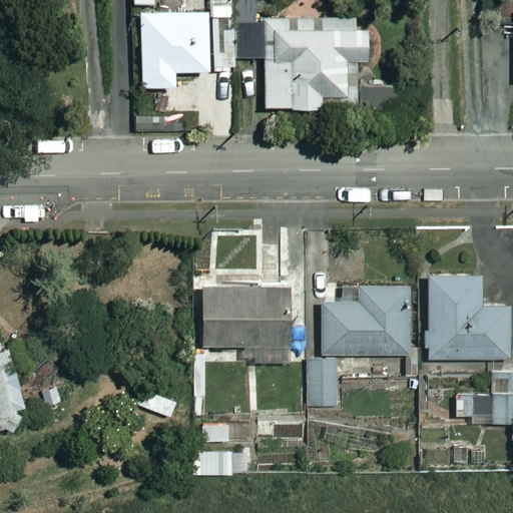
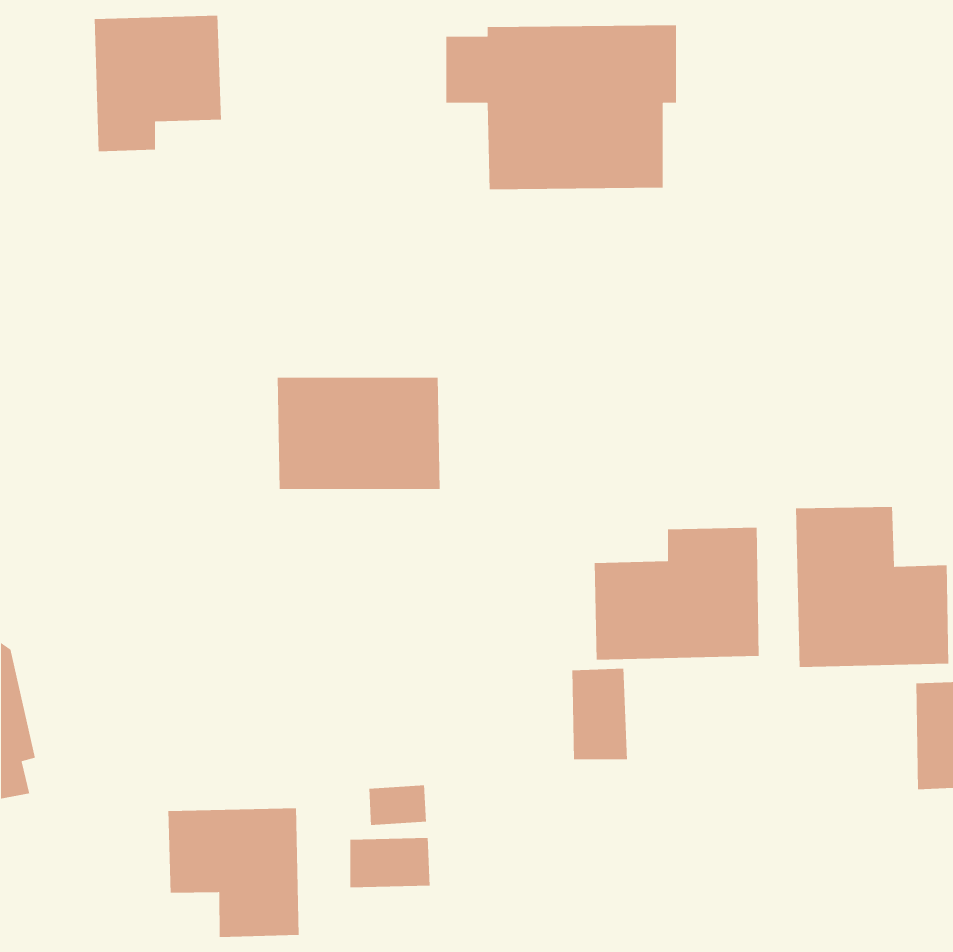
building: [141,13,209,86] -> [94,15,222,152]
building: [199,286,287,346] -> [277,377,440,490]
building: none -> [168,807,299,938]

